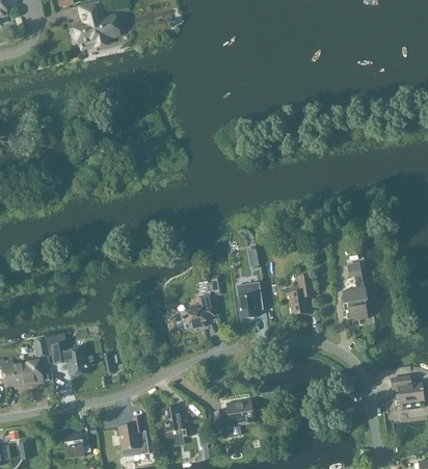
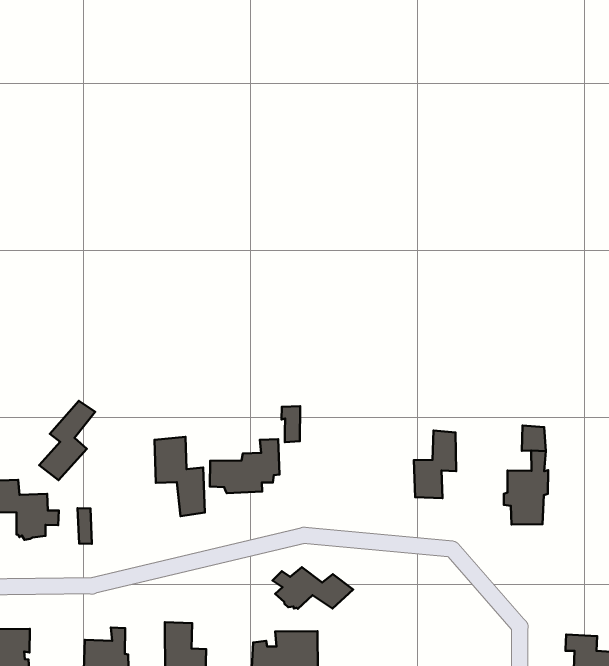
building: [236,280,264,317] -> none
building: none -> [39,401,95,480]
building: none -> [155,437,205,516]
building: none -> [273,567,353,609]

